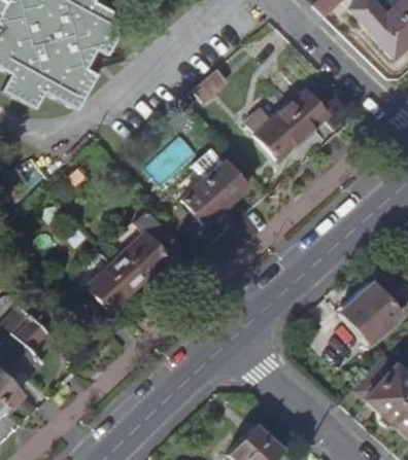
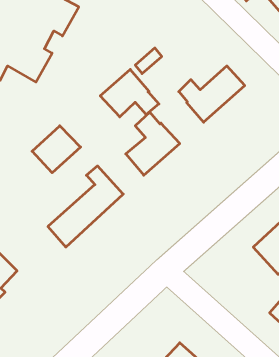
building: none -> [100,69,159,117]
building: none -> [32,126,81,173]

